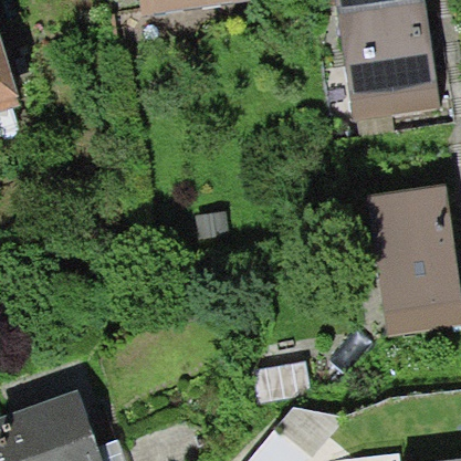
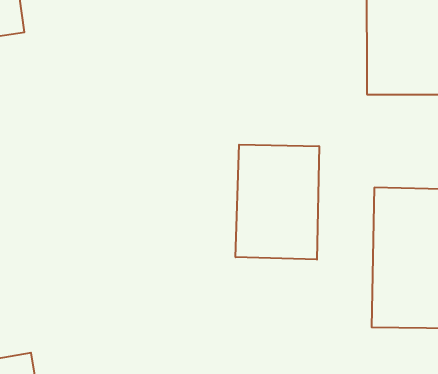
building: none -> [236,145,319,260]

